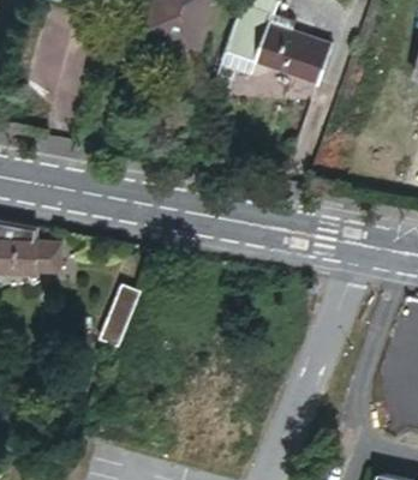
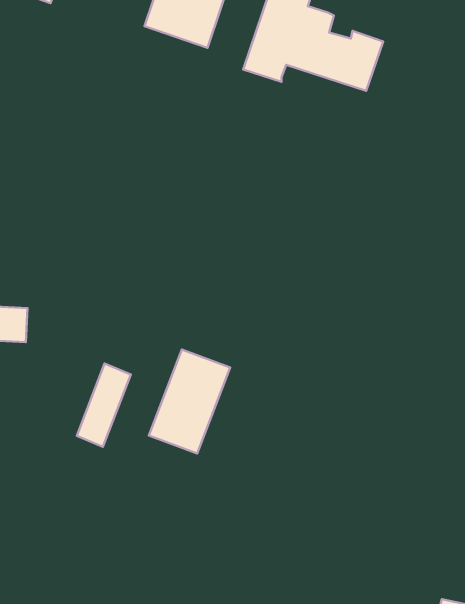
building: none -> [149,349,230,453]

